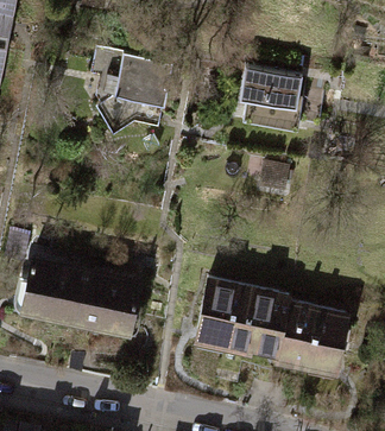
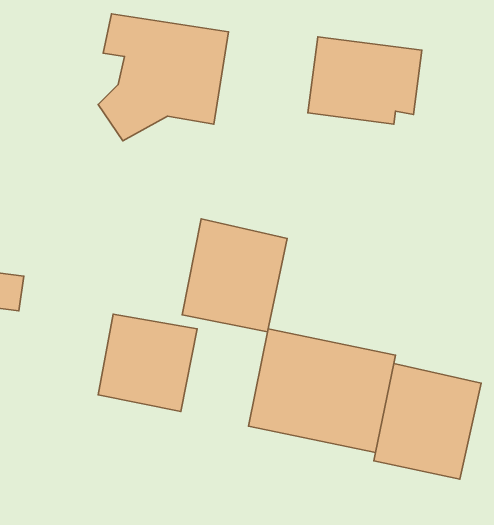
building: none -> [182,219,287,332]
building: [20,253,91,323] -> none

